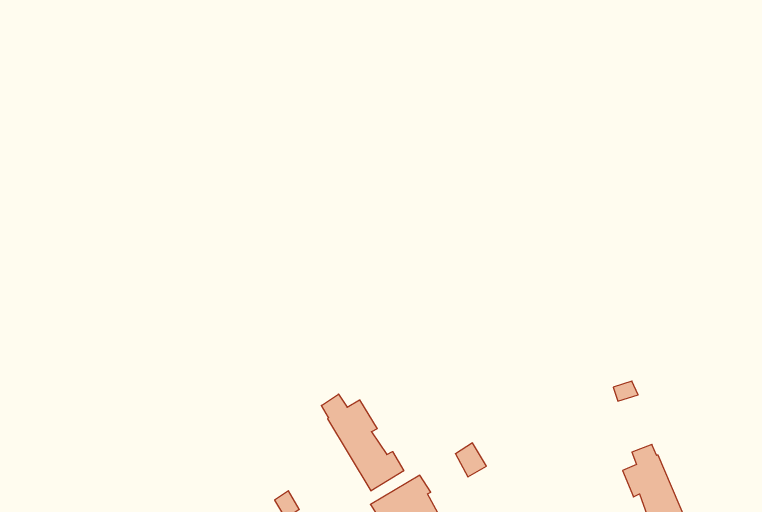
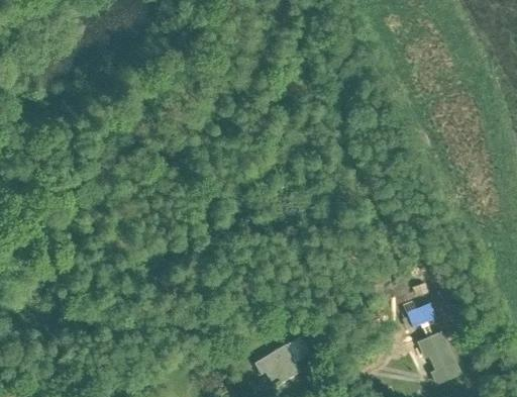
building: [321,394,404,491] -> none

